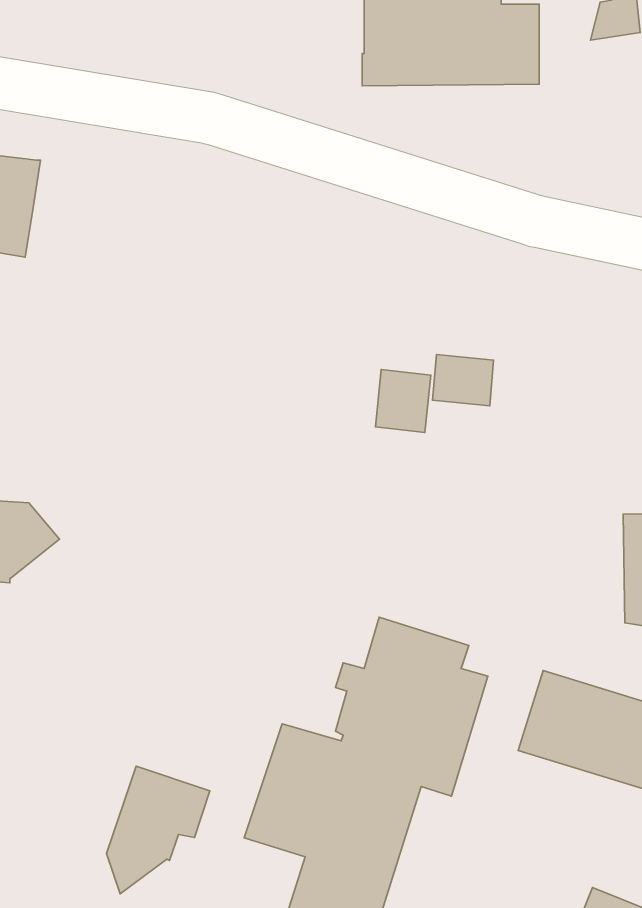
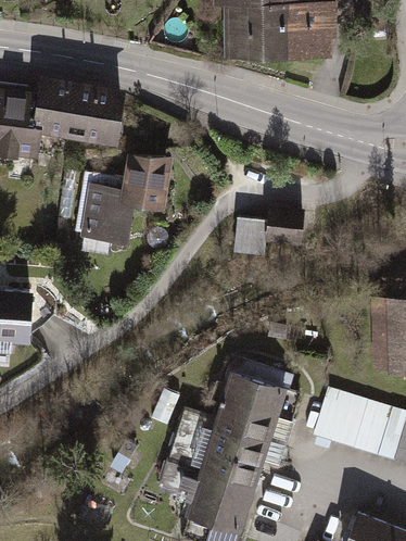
building: none -> [38,81,118,139]
building: none -> [74,156,165,239]
building: [106,766,210,894] -> none

